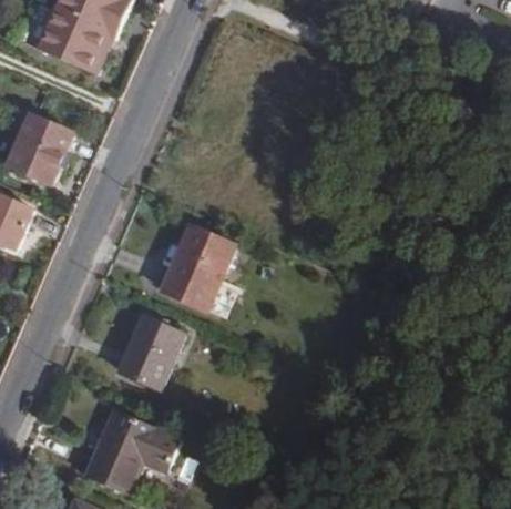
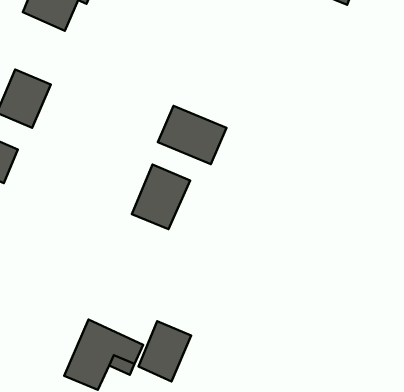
building: none -> [158,106,227,164]
building: [120,318,182,389] -> [138,321,191,381]

